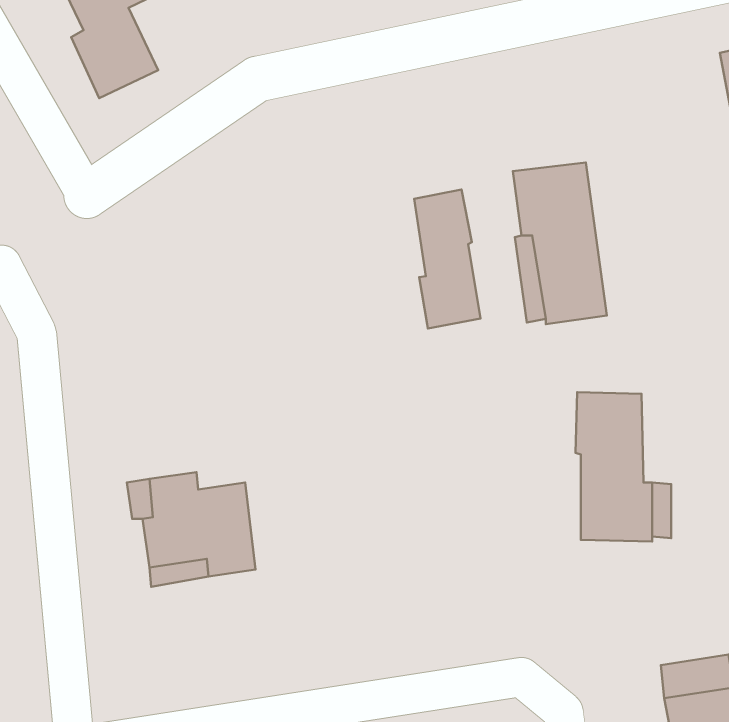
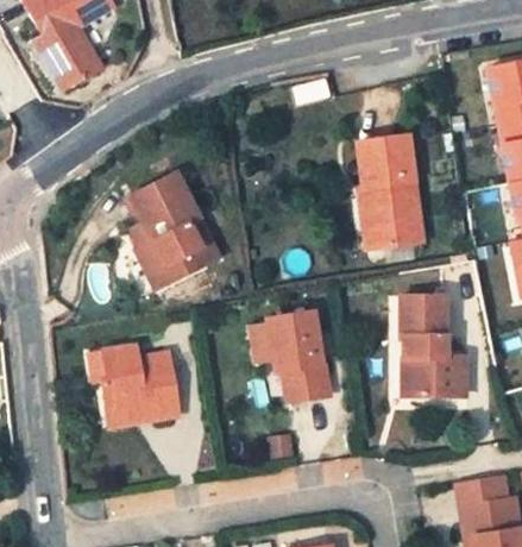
building: [414,189,480,329] -> none
building: none -> [127,174,216,290]
building: none -> [266,314,327,405]

